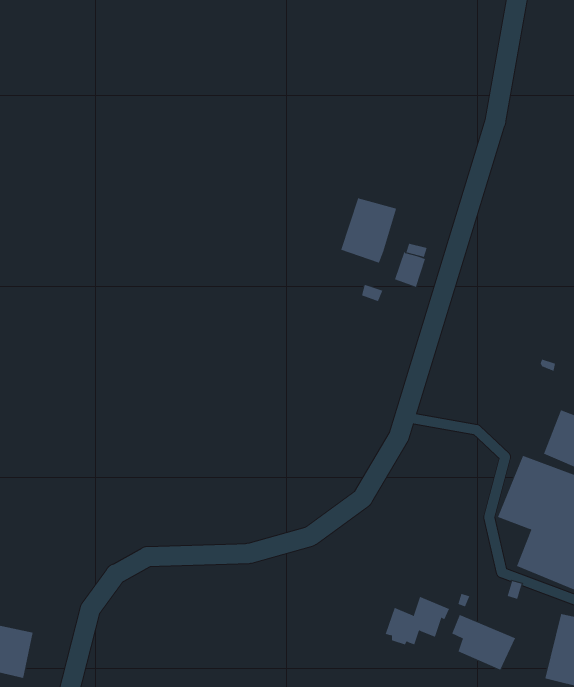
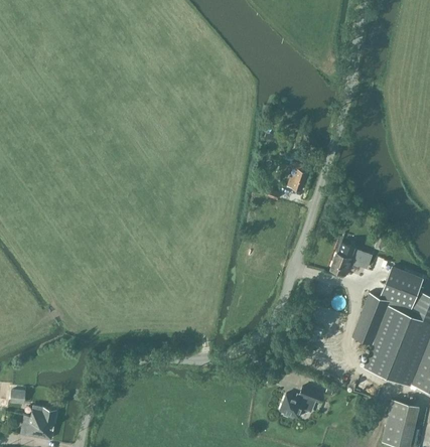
building: [340,197,397,263] -> none
building: none -> [330,243,372,275]
building: [451,614,516,670] -> none

